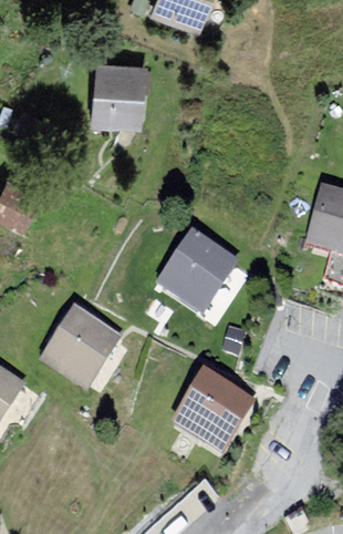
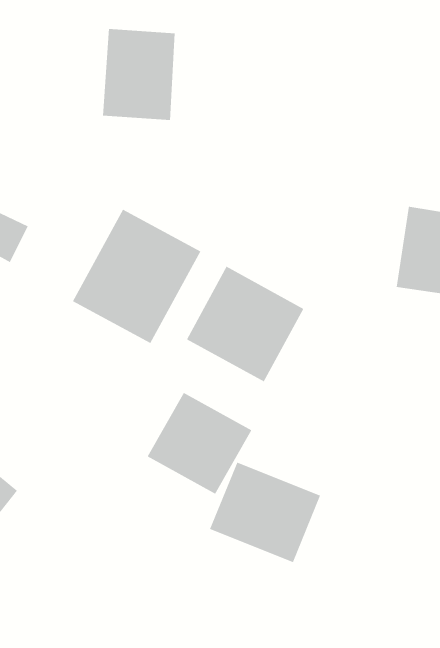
building: none -> [72,209,201,344]
building: [42,310,118,384] -> [147,392,252,495]

